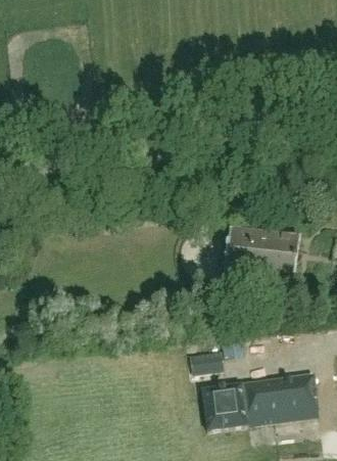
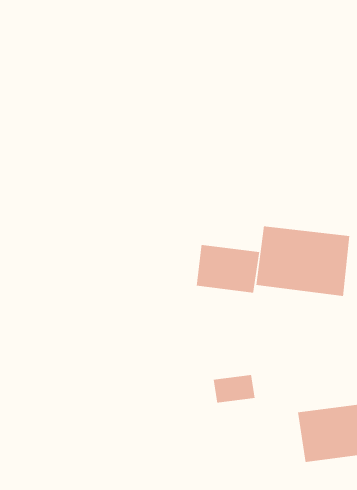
building: none -> [196,244,260,294]
building: [202,381,263,429] -> none

